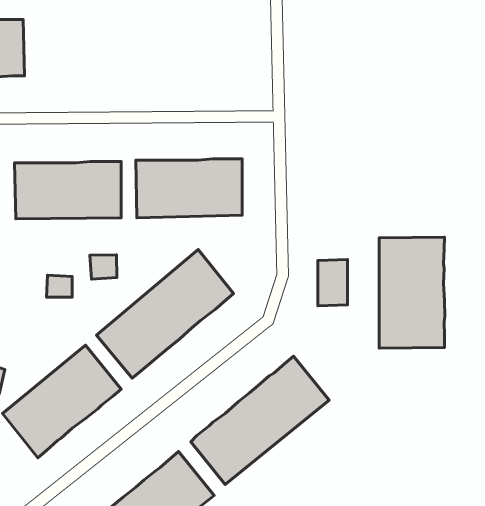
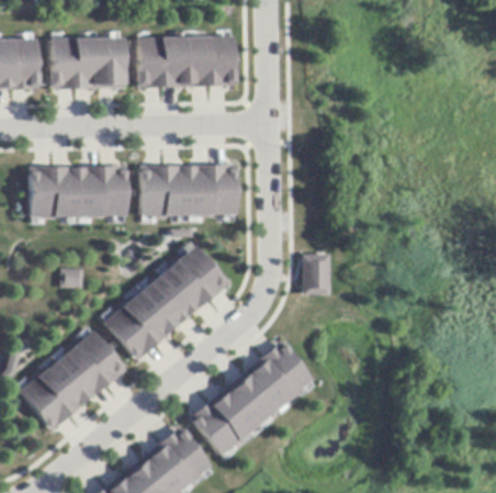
building: none -> [139,35,237,88]
building: none -> [54,37,127,90]
building: [379,237,445,348] -> none
building: [90,255,117,279] -> none

